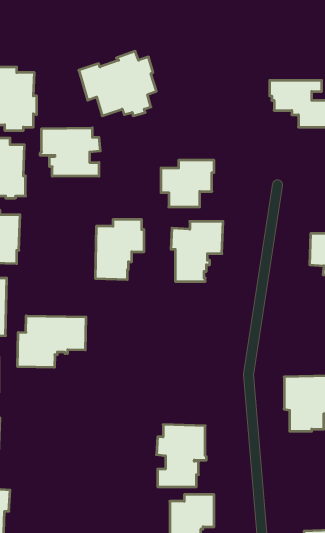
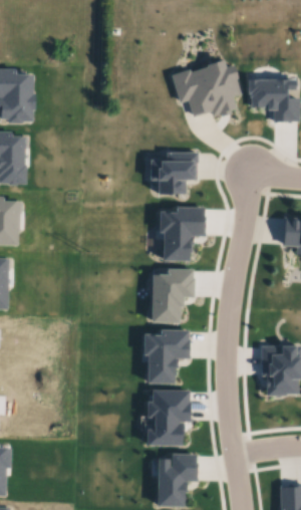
building: [79,51,156,116] -> [172,57,242,115]
building: [40,128,100,176] -> none
building: [95,220,144,280] -> [151,268,195,322]
building: [18,316,86,367] -> none
building: none -> [142,328,190,384]

